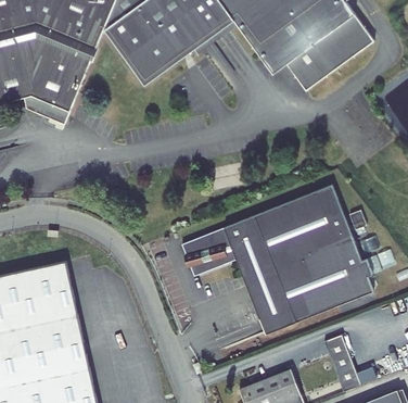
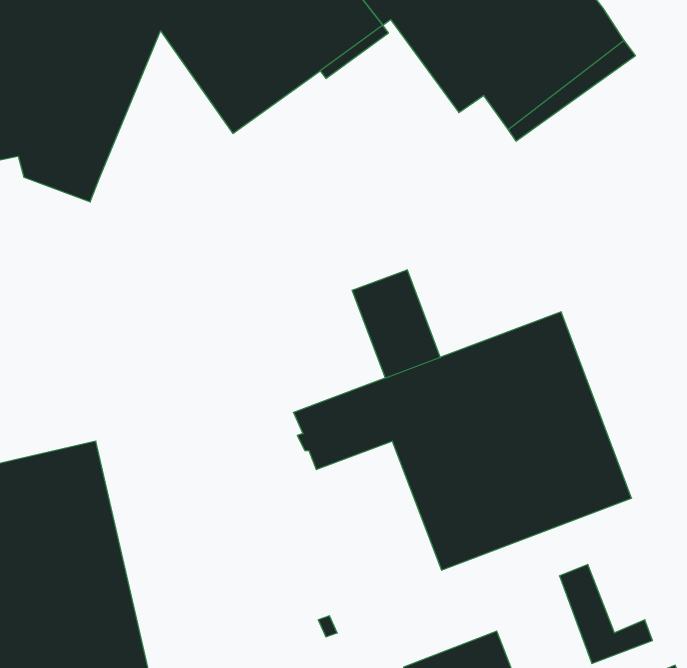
building: none -> [352,270,440,378]

